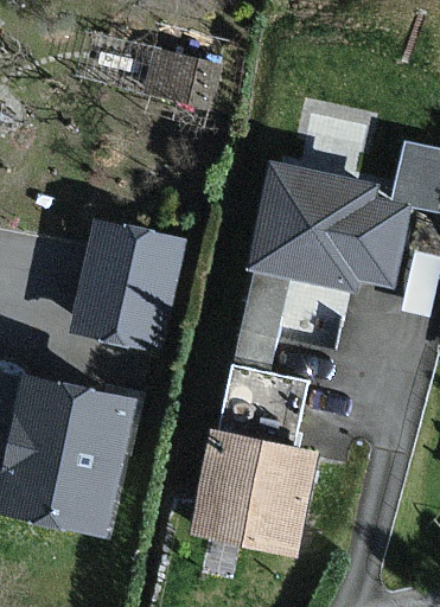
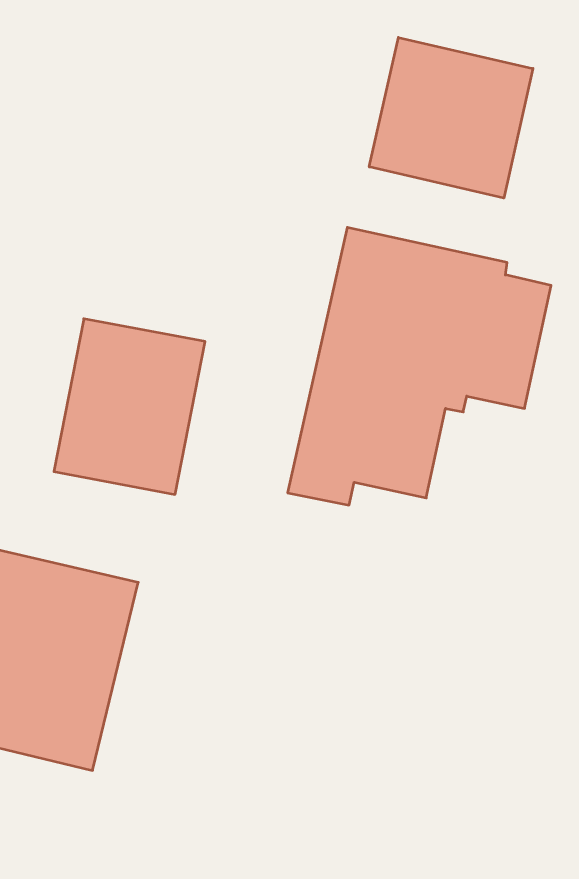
building: none -> [369,37,533,198]
building: [196,341,315,549] -> none

